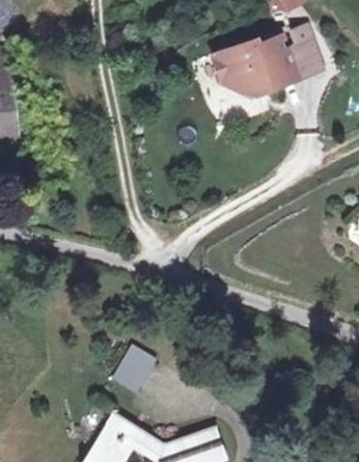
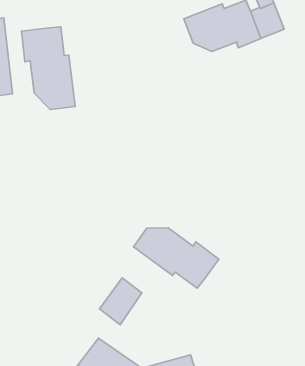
building: none -> [22,27,75,110]
building: none -> [133,228,219,288]

